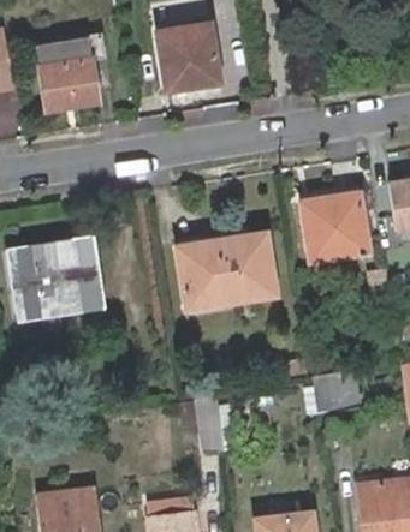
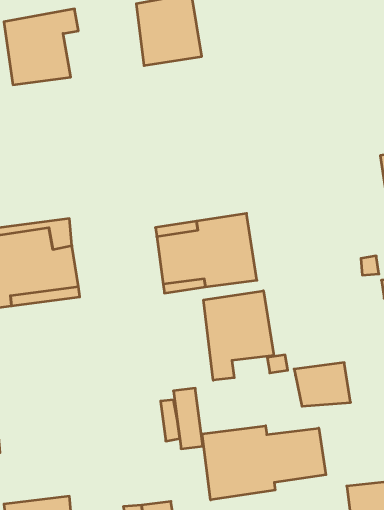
building: [301,191,367,257] -> none
building: none -> [204,291,274,380]
building: none -> [202,426,326,500]

